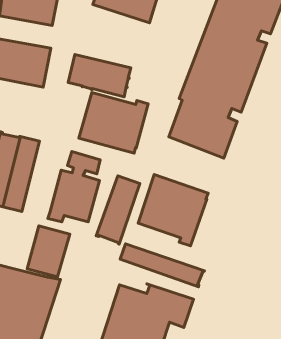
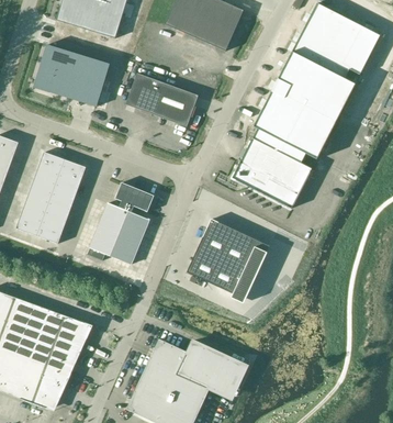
building: [79,93,148,153] -> none
building: [96,176,140,244] -> none
building: [27,226,70,277] -> none
building: [120,244,205,287] -> none

